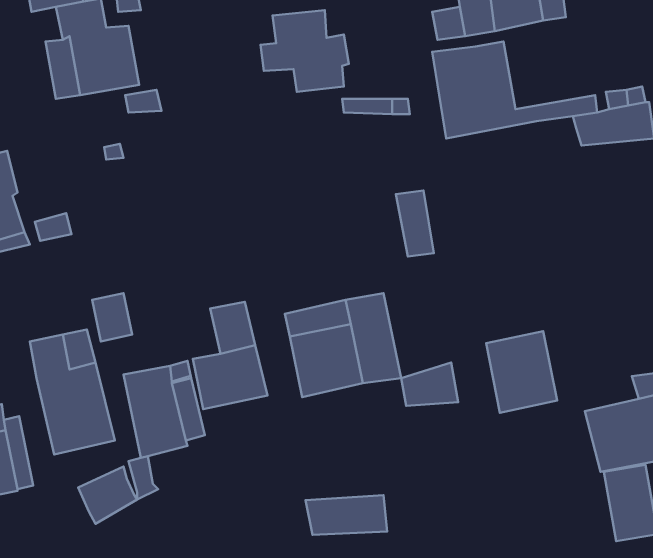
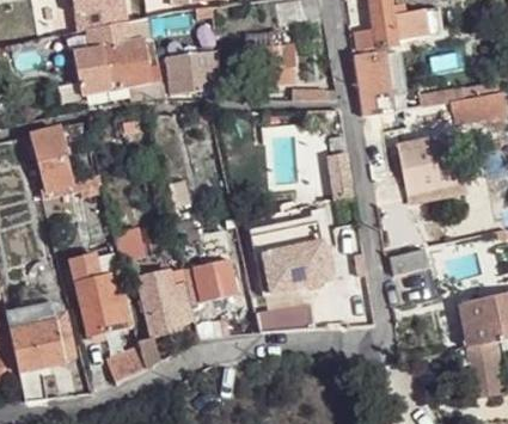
building: none -> [165,51,219,94]
building: none -> [388,127,463,201]
building: [305,495,387,535] -> [253,303,310,331]

